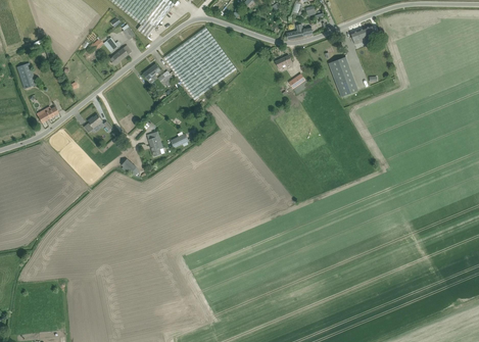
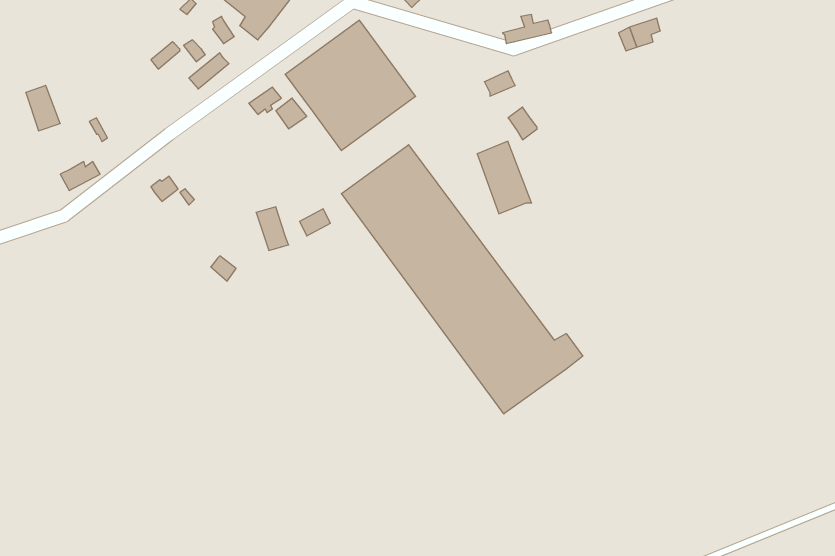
building: [328,55,358,96] -> [477,141,532,214]
building: none -> [341,145,583,414]

